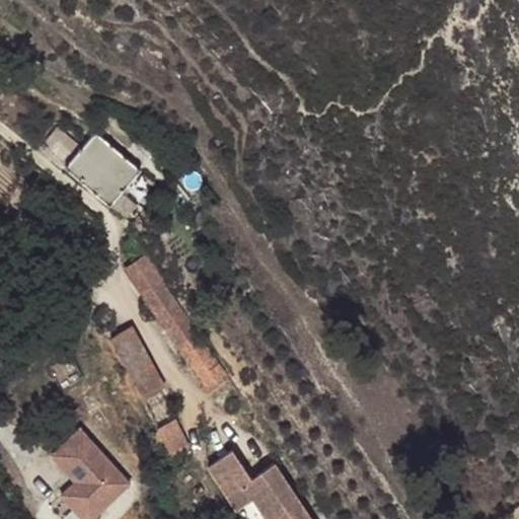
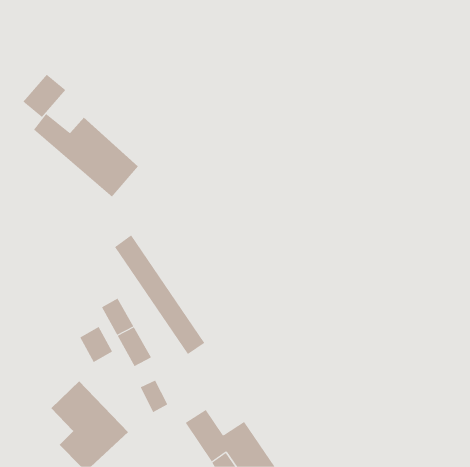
building: none -> [23,74,66,118]
building: none -> [80,326,113,363]

